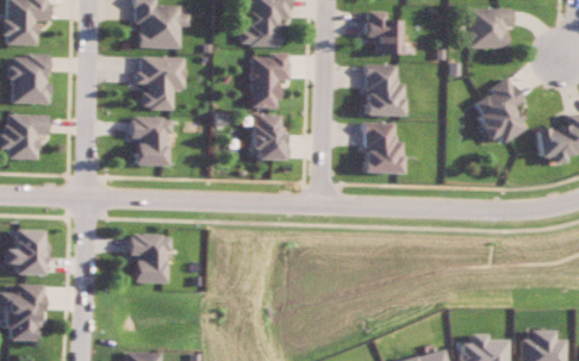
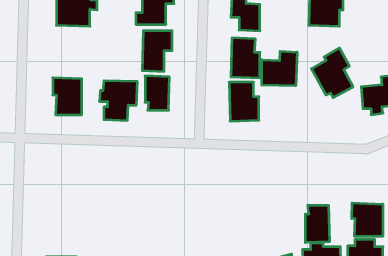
building: [133,57,183,110] -> [99,81,137,120]
building: none -> [262,51,297,86]
building: [125,235,167,284] -> none
building: none -> [352,203,383,236]
building: none -> [305,205,329,243]

